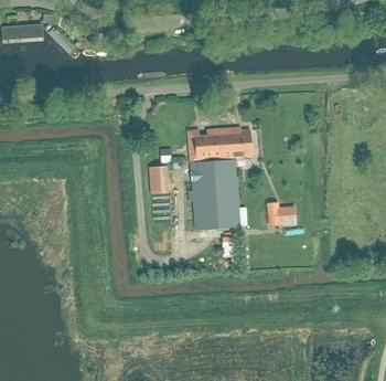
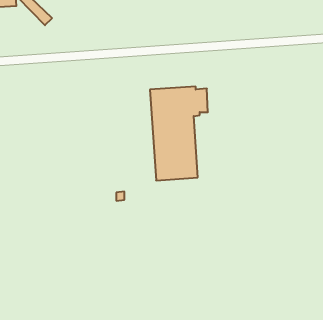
building: [148,165,168,193] -> none
building: [266,202,296,225] -> none

